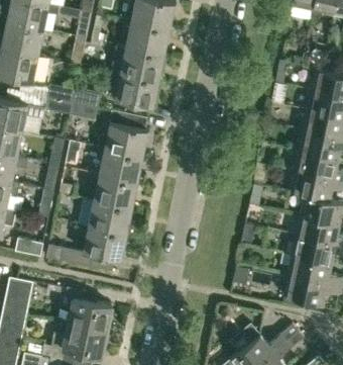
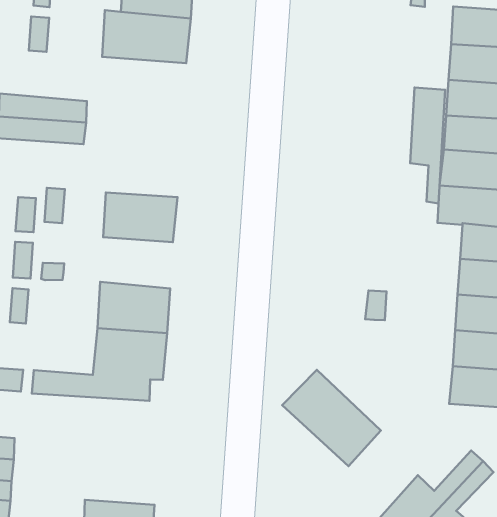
building: [107,70,158,106] -> none
building: none -> [410,88,445,203]
building: [103,120,148,156] -> none
building: [93,173,137,207] -> none
building: none -> [282,370,381,466]
building: [68,297,112,330] -> none

